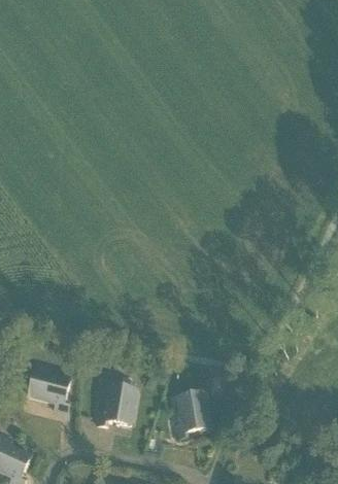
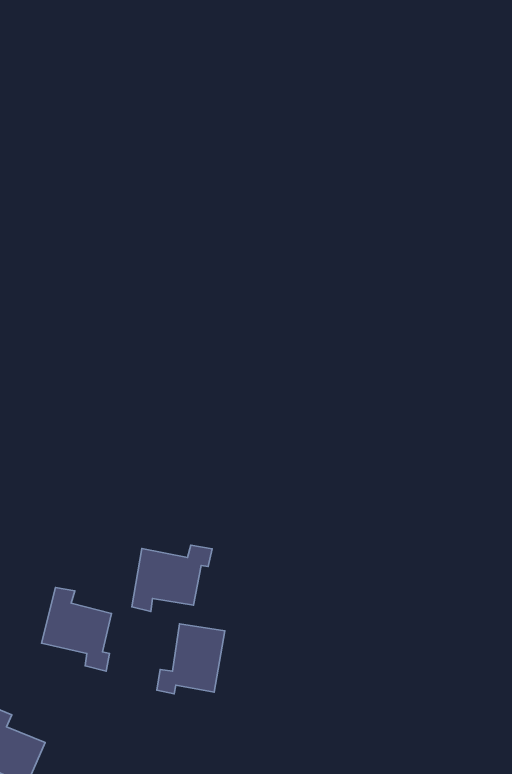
building: none -> [132,545,212,612]
building: [174,389,209,436] -> none

